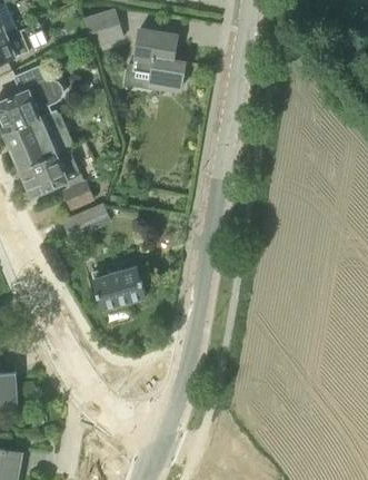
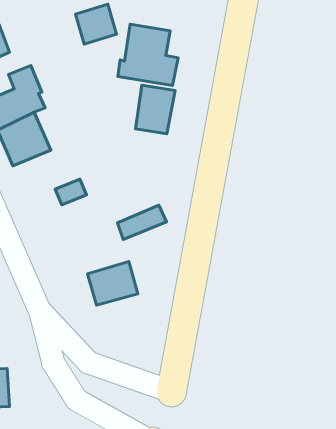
building: none -> [135,85,175,134]
building: [21,148,82,196] -> none
building: [63,203,112,237] -> [117,205,167,240]

